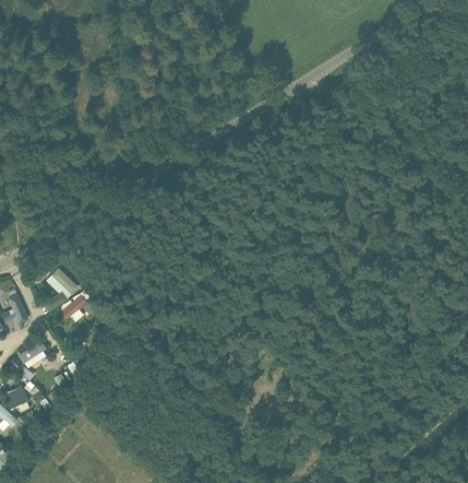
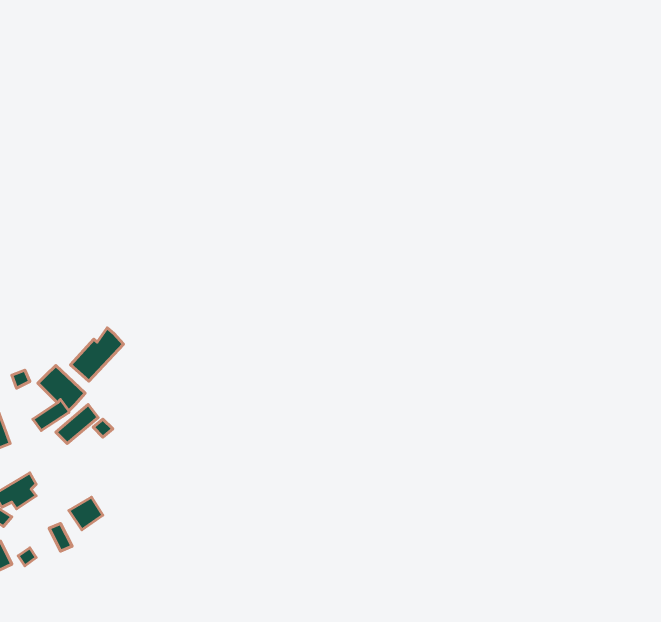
building: none -> [70,328,124,381]

